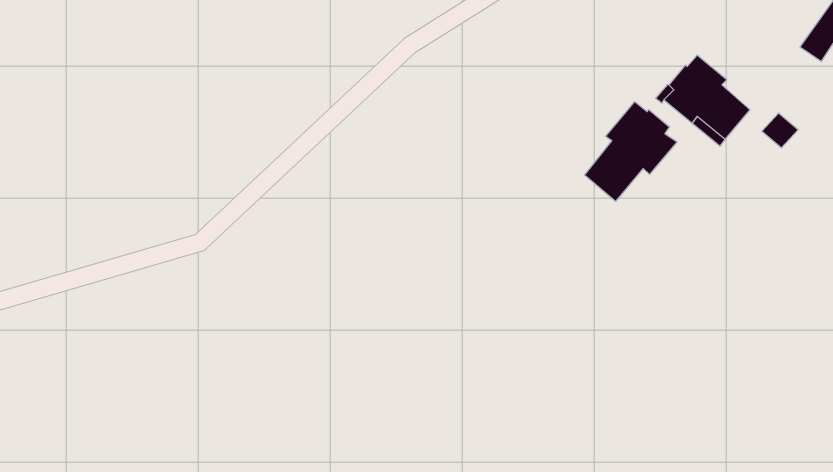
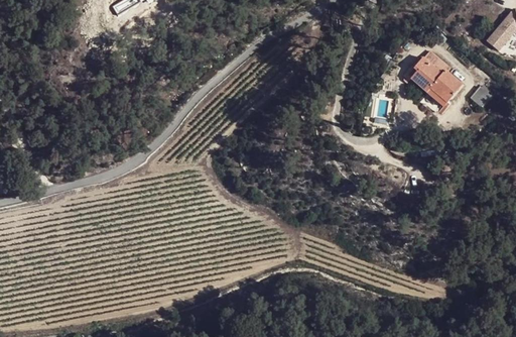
building: [584,102,677,201] -> none

